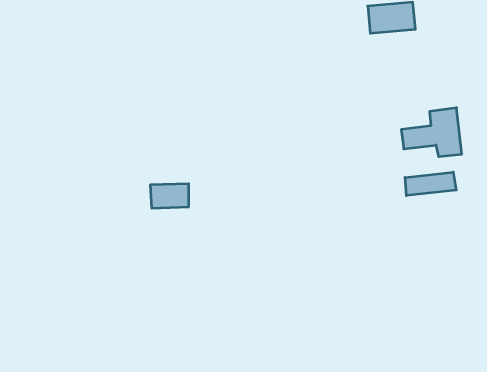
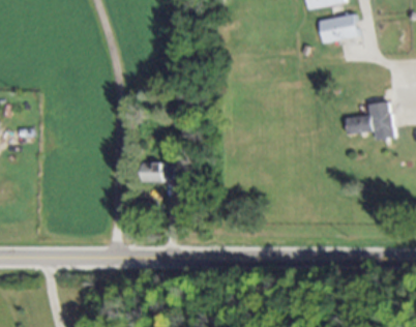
building: [405,172,456,196] -> none

